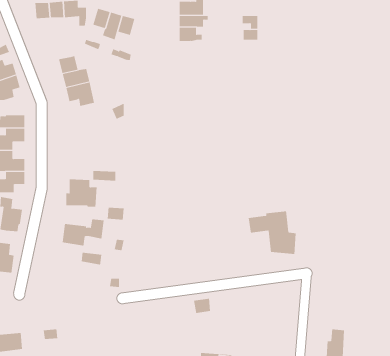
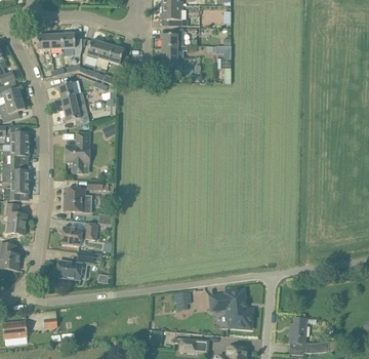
building: none -> [66,132,90,173]
building: [248,211,296,255] -> [210,290,252,328]
building: none -> [53,261,82,280]

